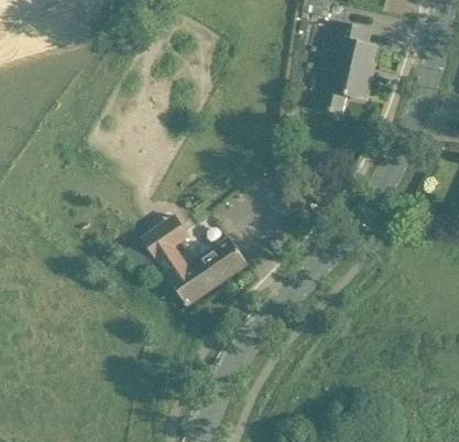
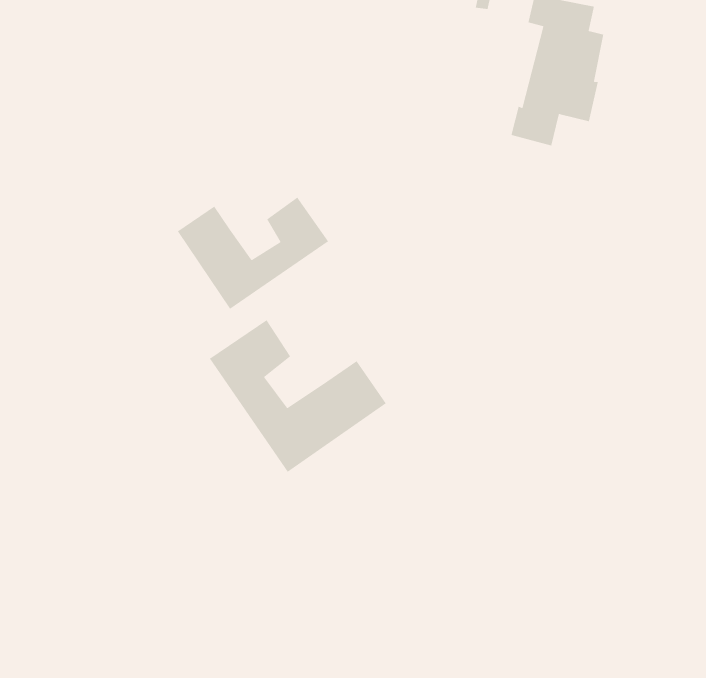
building: none -> [177,196,329,310]

